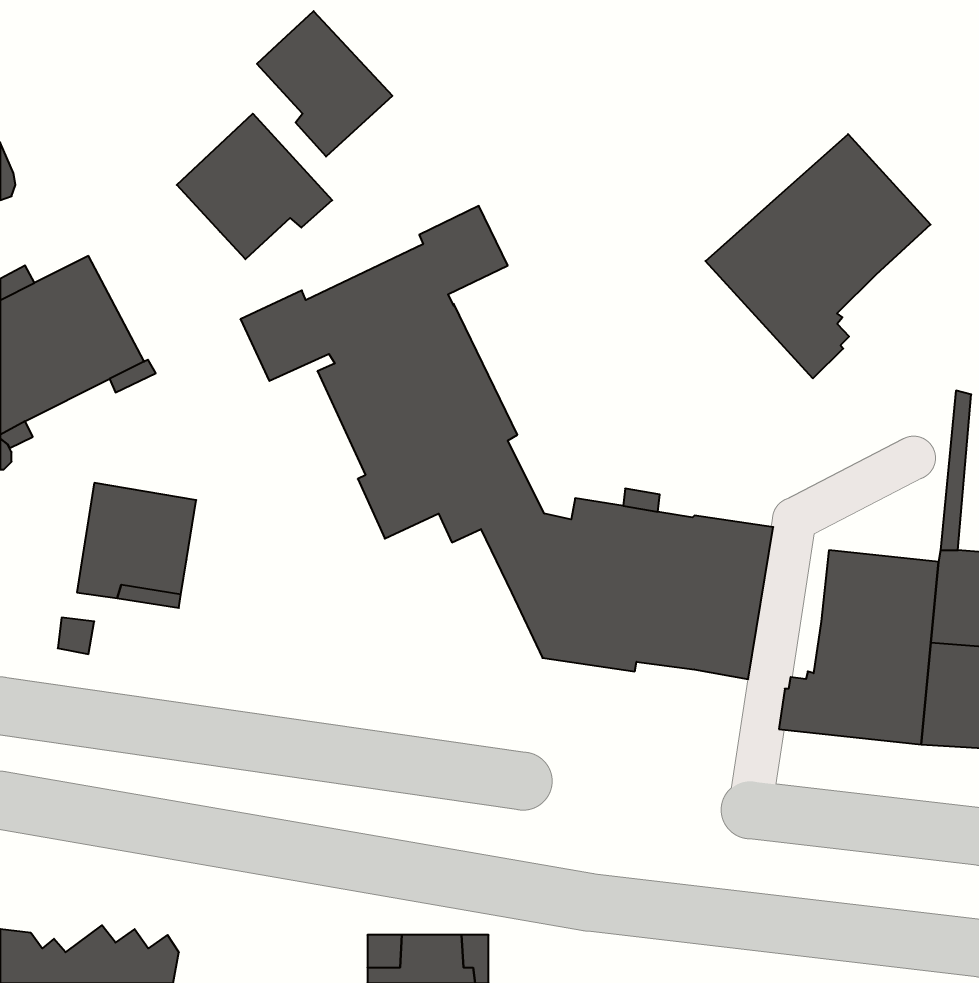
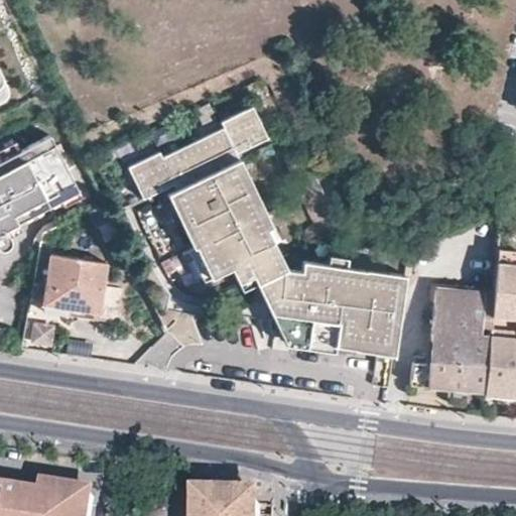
building: [257,11,392,157] -> none
building: [177,114,332,259] -> none
building: [705,134,931,378] -> none

